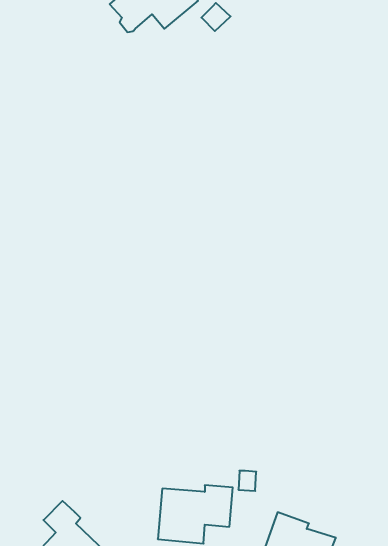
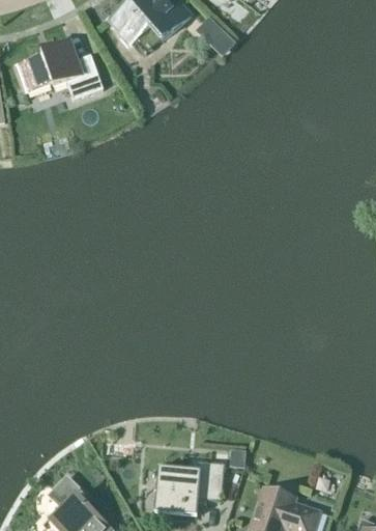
building: none -> [17,40,104,99]

